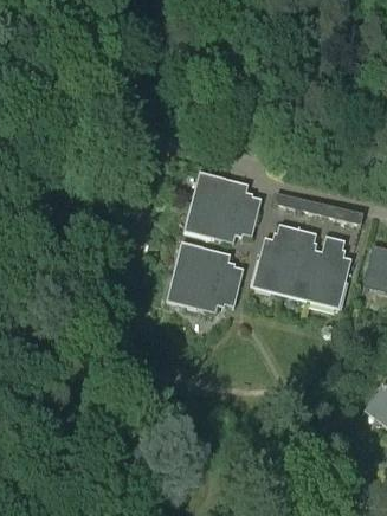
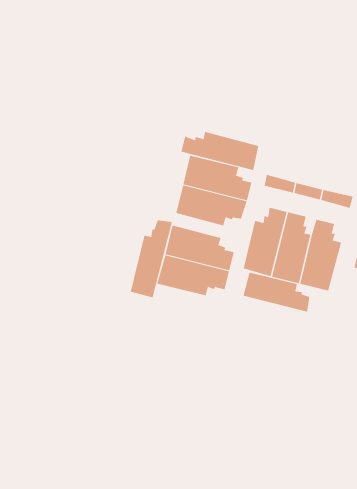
building: none -> [181,131,259,171]
building: none -> [130,219,172,298]
building: none -> [243,272,310,312]

